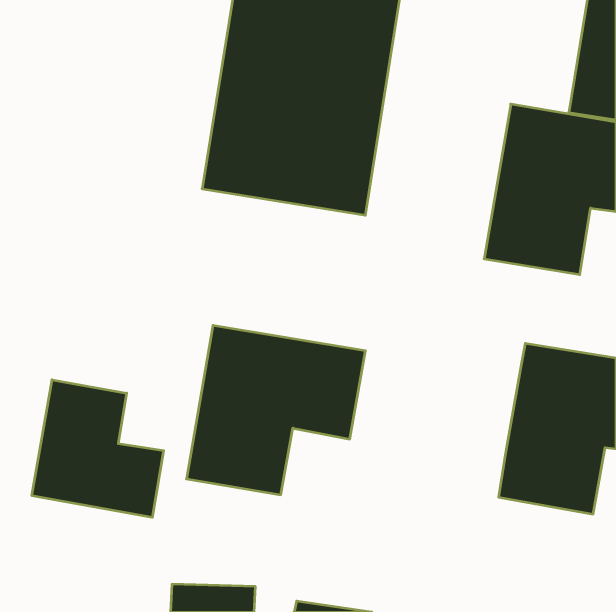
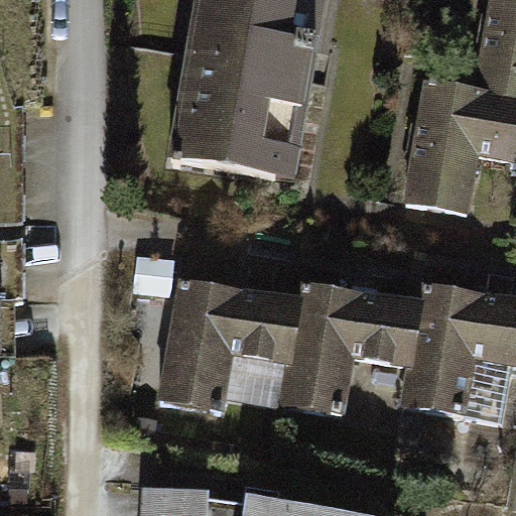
building: none -> [284,281,434,423]
building: [32,380,164,517] -> none

